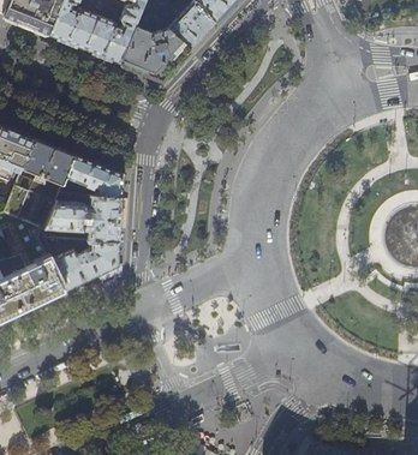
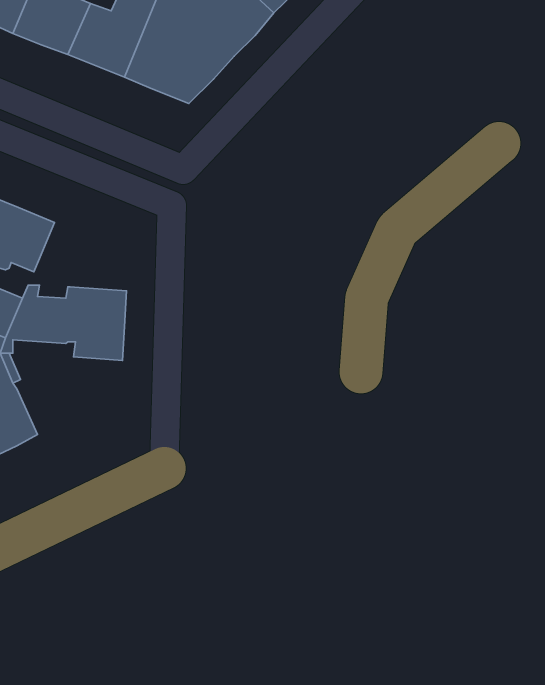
building: [65,155,121,198] -> none
building: [50,239,118,289] -> none

